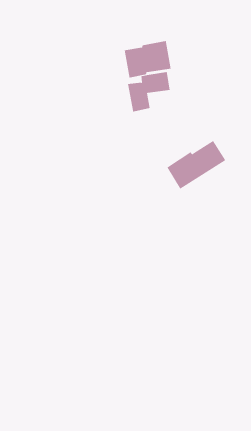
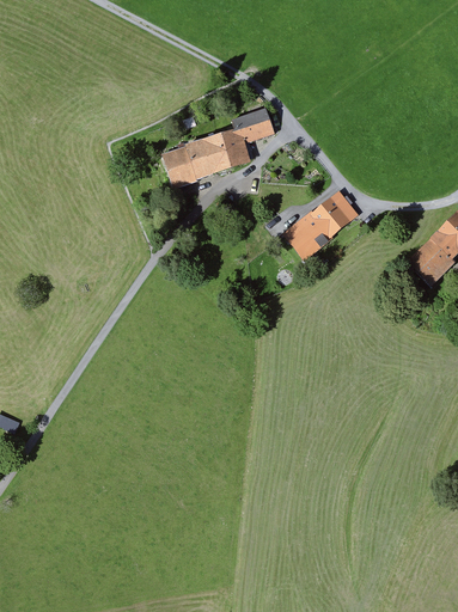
building: [124,41,171,78] -> [160,133,226,189]

